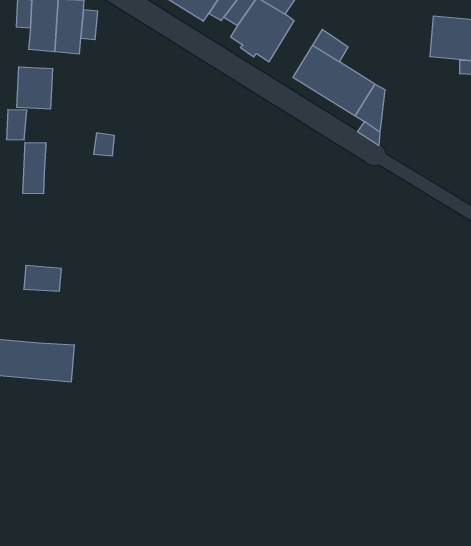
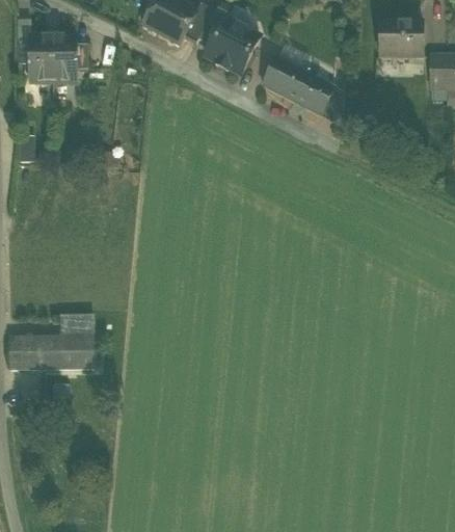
building: [17,67,53,109] -> none
building: [23,142,46,194] -> none
building: [24,265,61,291] -> [62,315,93,336]

